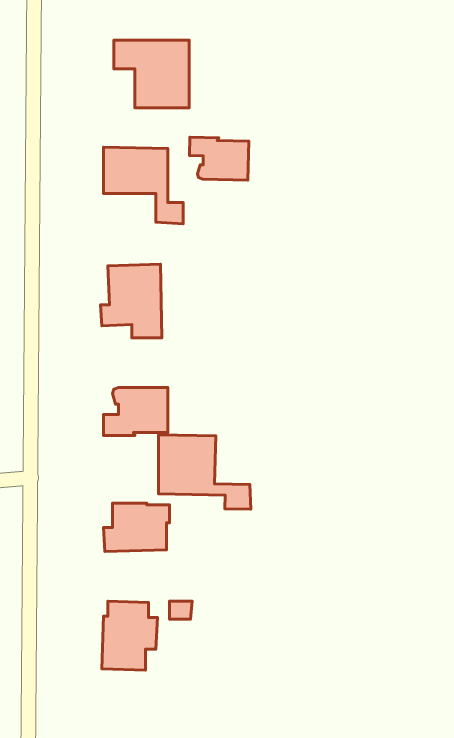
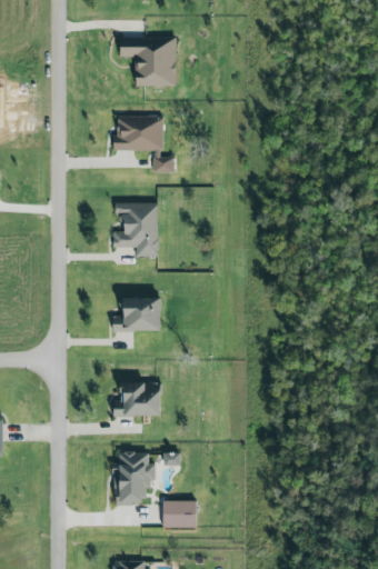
building: [190,137,249,180] -> none
building: [158,435,251,509] -> none
building: none -> [161,500,195,528]

